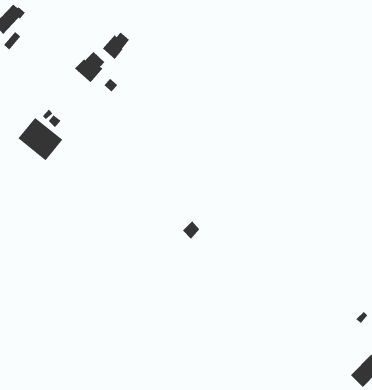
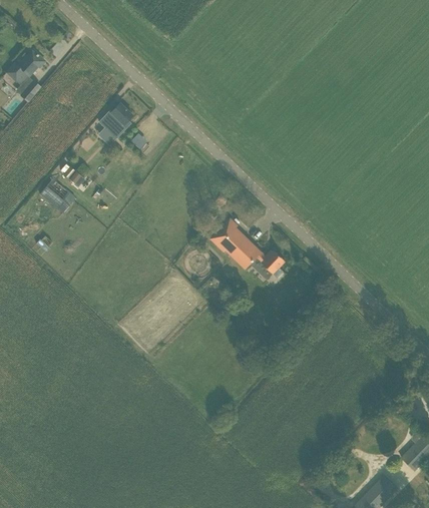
building: [102,31,130,60] -> none
building: none -> [210,219,286,278]

